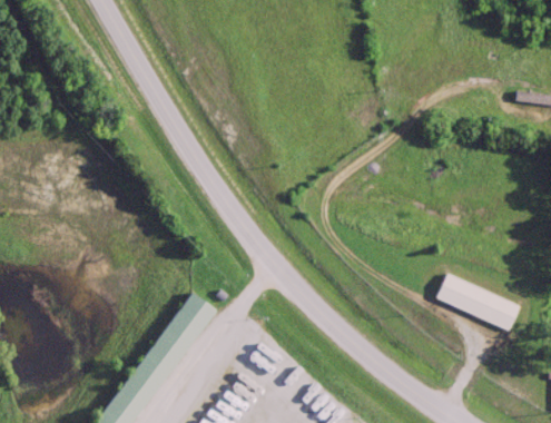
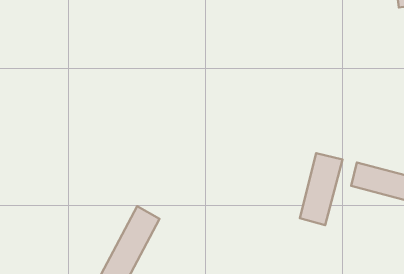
building: none -> [300,153,342,225]

